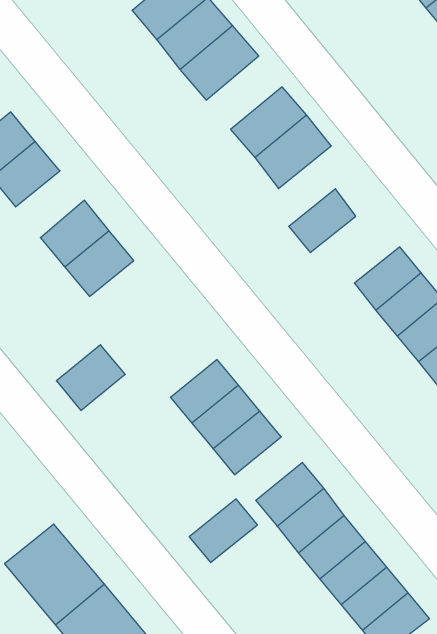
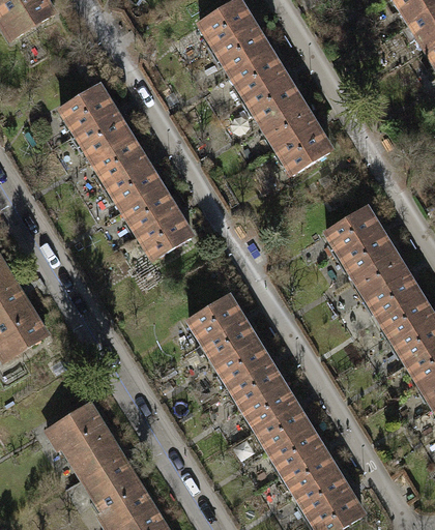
building: none -> [247,69,306,122]
building: none -> [91,136,144,184]
building: [289,189,356,252] -> [326,206,378,252]
building: [56,345,125,410] -> [138,211,191,259]
building: [189,499,257,563] -> [229,360,282,406]

